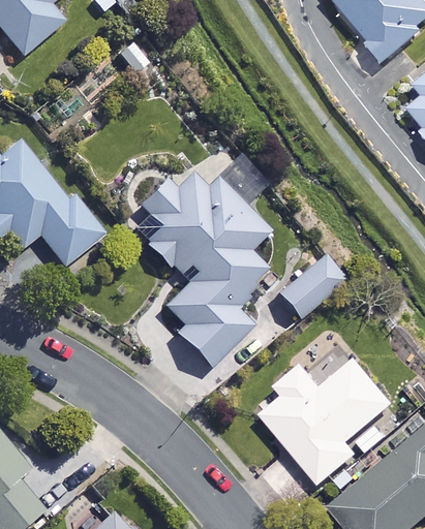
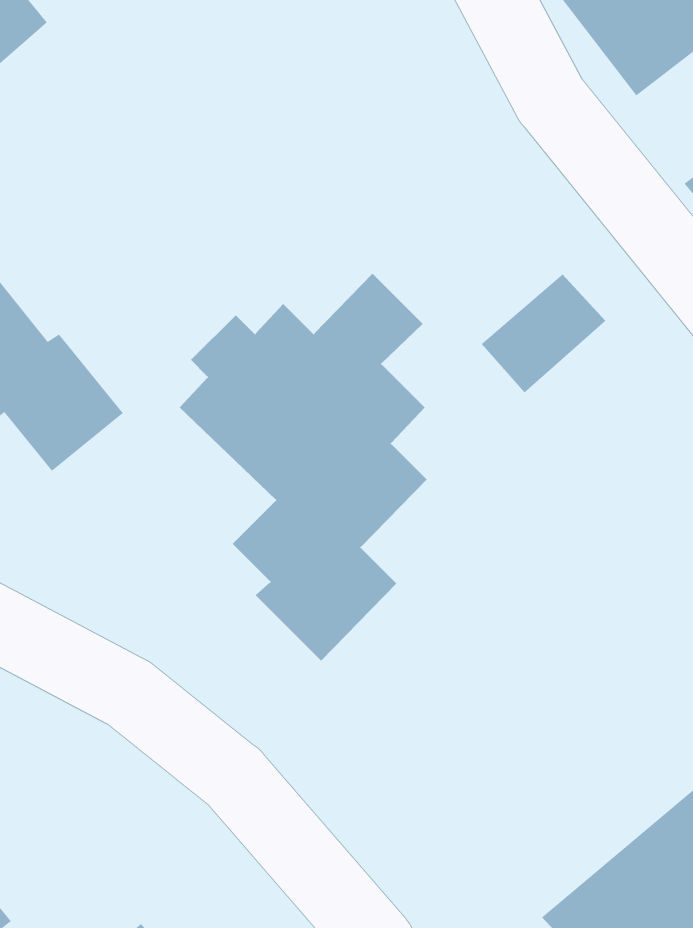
building: [278,251,346,316] -> [481,274,606,393]
building: [262,359,392,483] -> none

